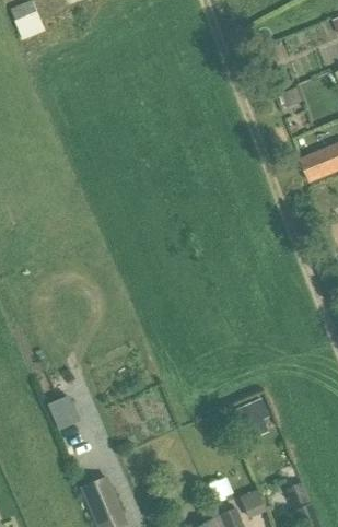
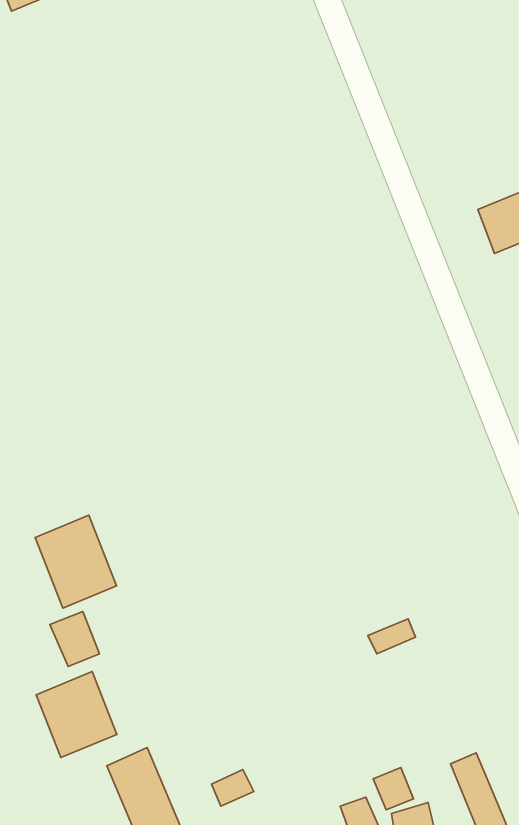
building: none -> [35,515,116,608]
building: none -> [36,671,117,758]

